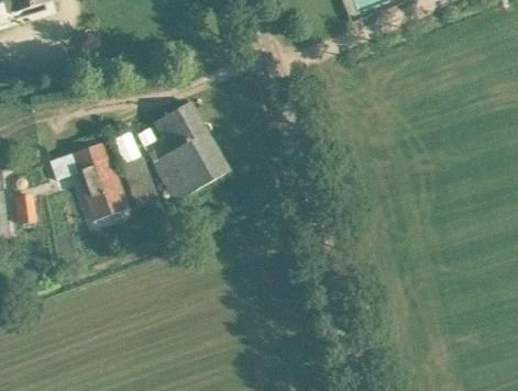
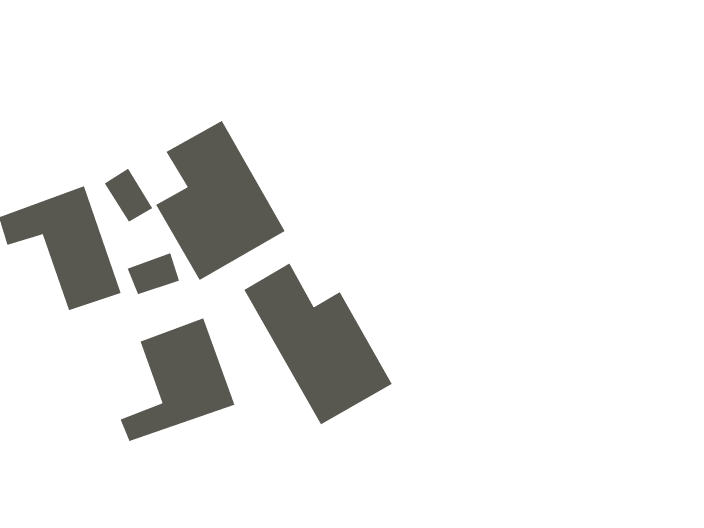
building: none -> [243,262,392,425]
building: none -> [120,318,235,442]

